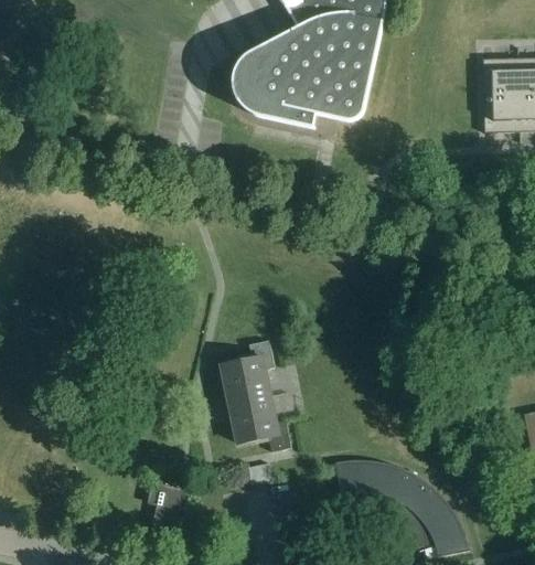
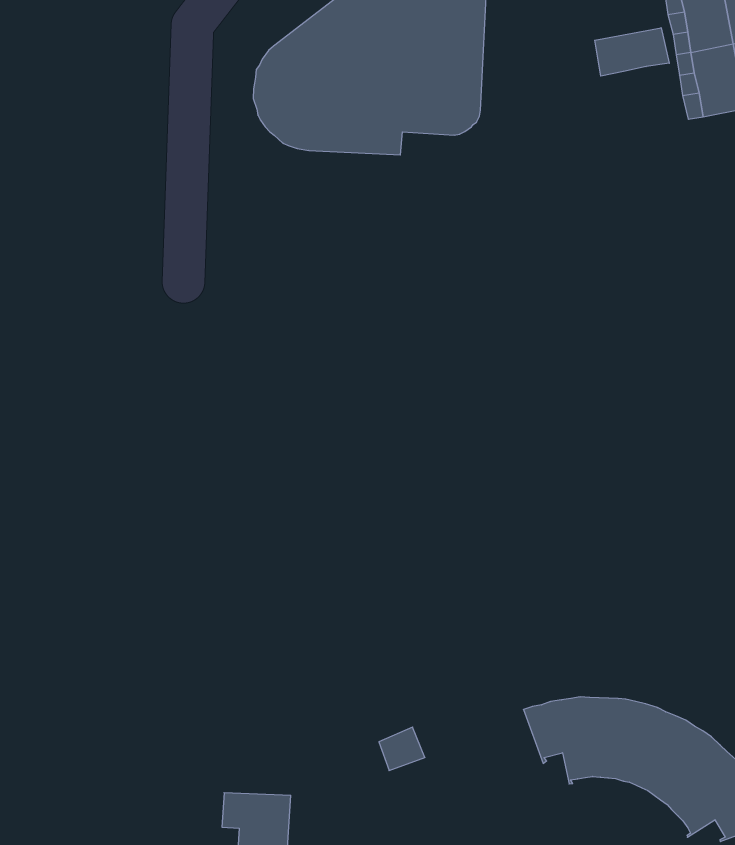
building: none -> [595,28,669,76]
building: [221,340,290,451] -> none

